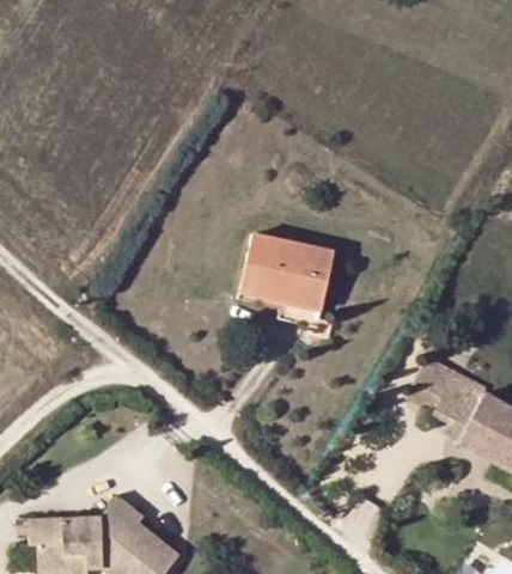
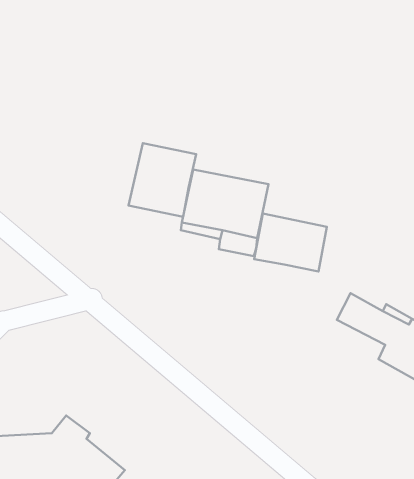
building: none -> [129,143,196,217]
building: none -> [254,214,327,272]

